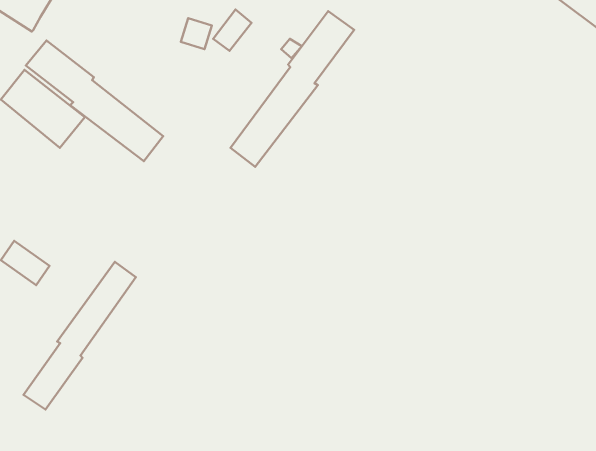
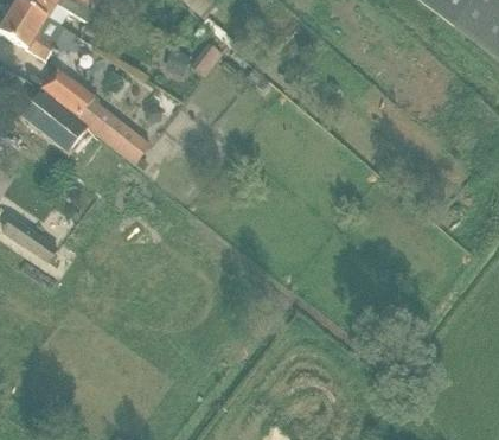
building: [230,11,354,167] -> none
building: [23,262,136,410] -> none

